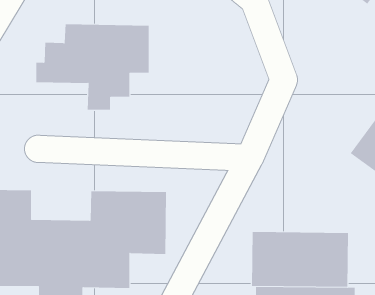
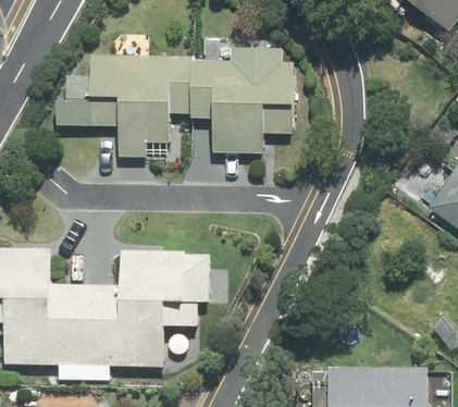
building: none -> [188,46,293,152]
building: [251,231,348,287] -> none

